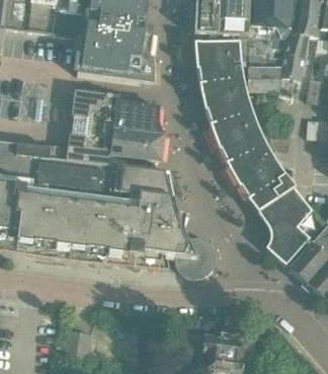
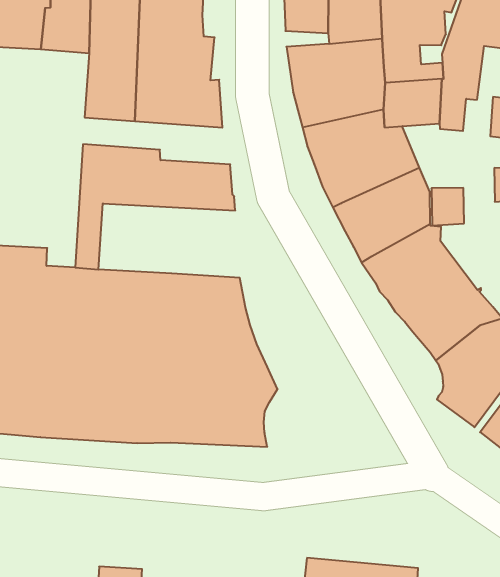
building: [79,122,164,164] -> none
building: [175,235,216,277] -> none

